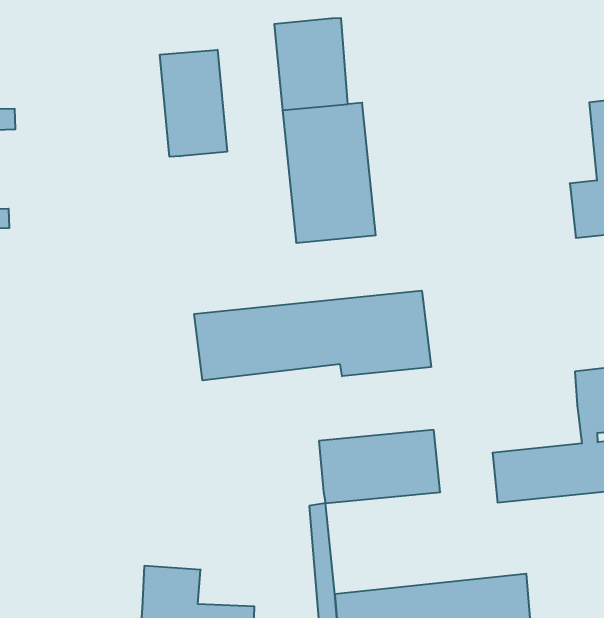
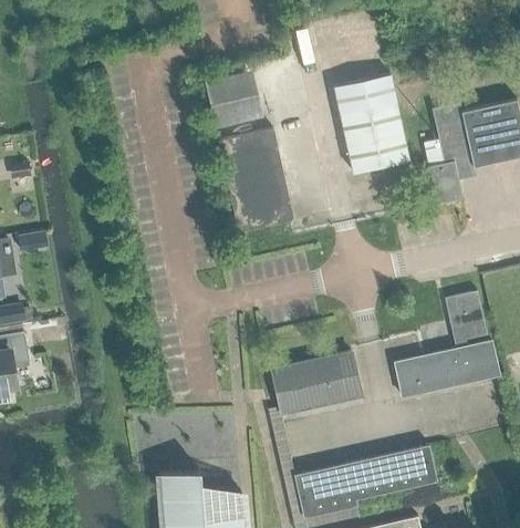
building: none -> [334,74,409,173]
building: [160,50,227,157] -> none
building: [194,291,431,380] -> none

